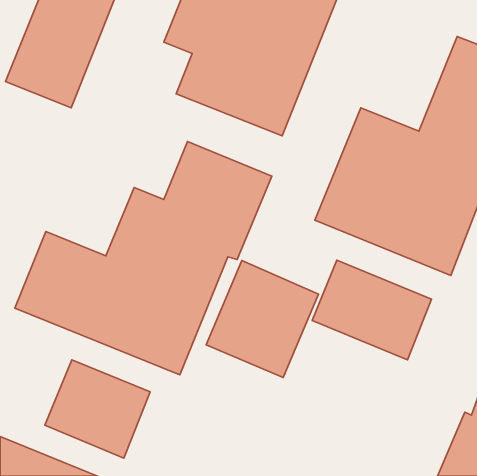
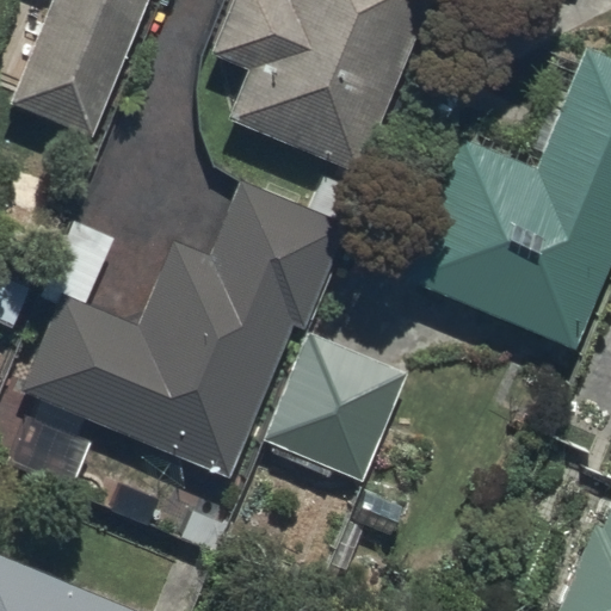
building: [312,260,431,360] -> none
building: [45,360,150,458] -> none

